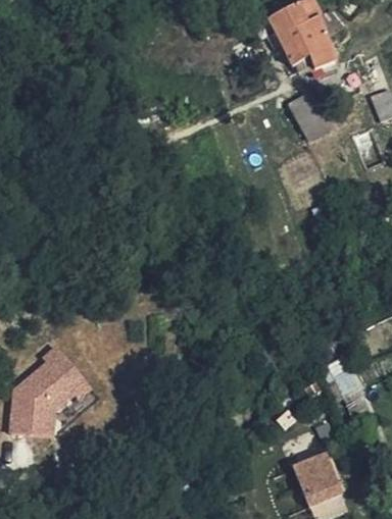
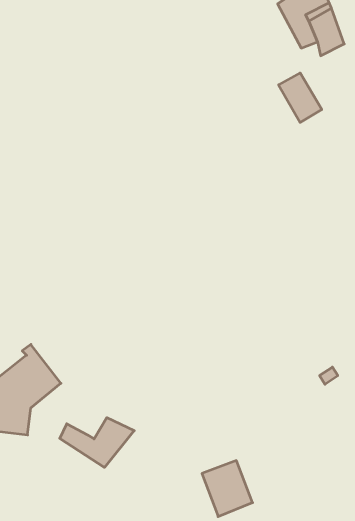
building: none -> [60,418,134,467]
building: [291,454,339,507] -> [202,461,253,517]

